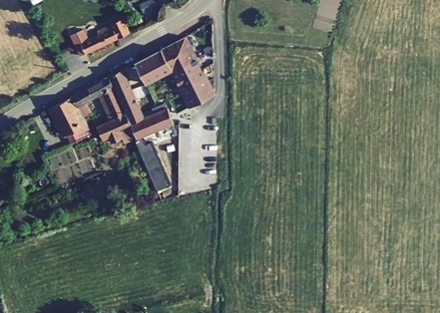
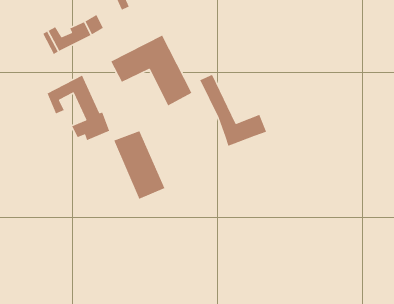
building: [109,70,175,141] -> [199,74,267,147]
building: [49,95,89,141] -> none

